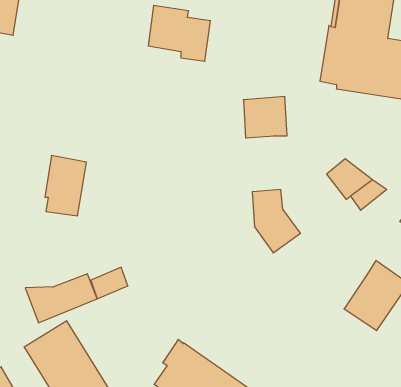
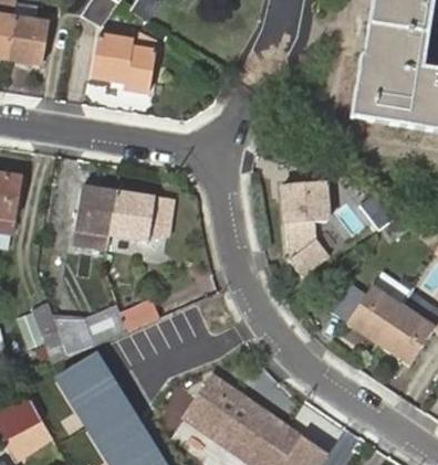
building: [148,5,210,61] -> [92,35,155,92]
building: [243,96,287,138] -> [282,180,326,222]
building: none -> [109,192,171,239]
building: none -> [346,285,400,340]
building: none -> [33,303,67,366]

